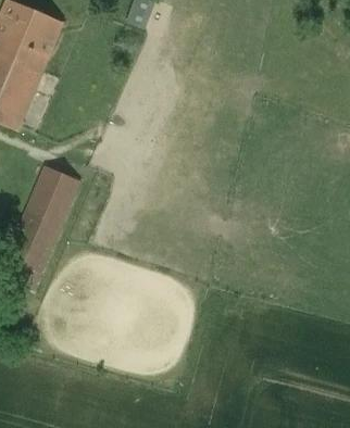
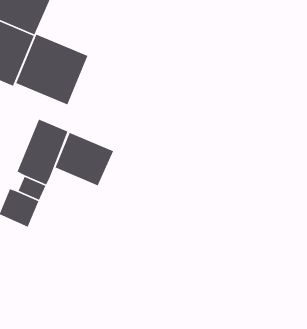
building: none -> [15,33,88,105]
building: none -> [54,132,114,187]

